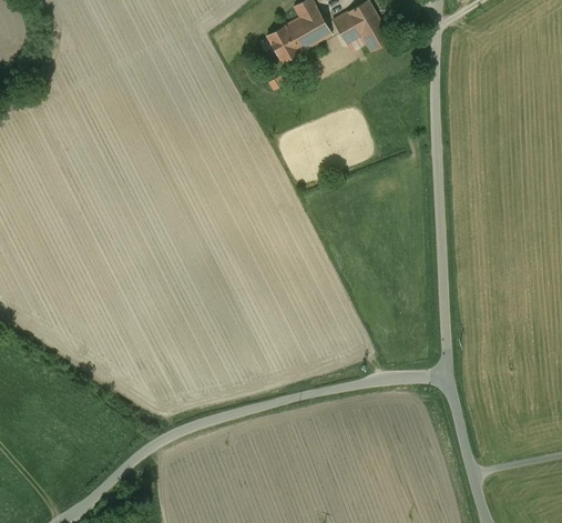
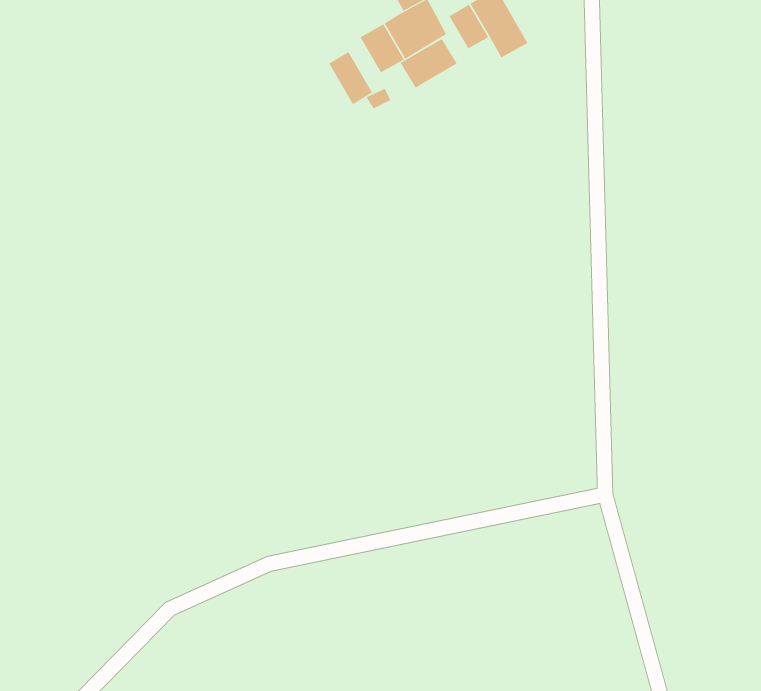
building: none -> [400,38,457,88]
building: none -> [328,51,373,105]

